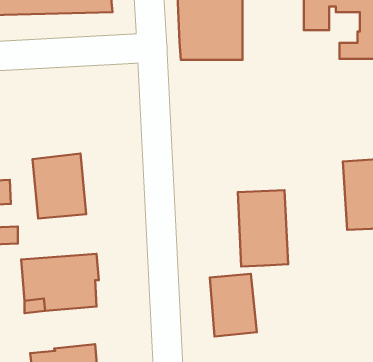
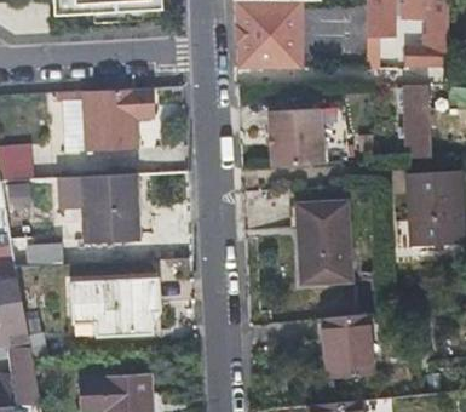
building: none -> [402,85,431,159]
building: none -> [77,86,149,145]
building: none -> [269,109,324,167]
building: [210,274,257,337] -> [323,315,373,382]

